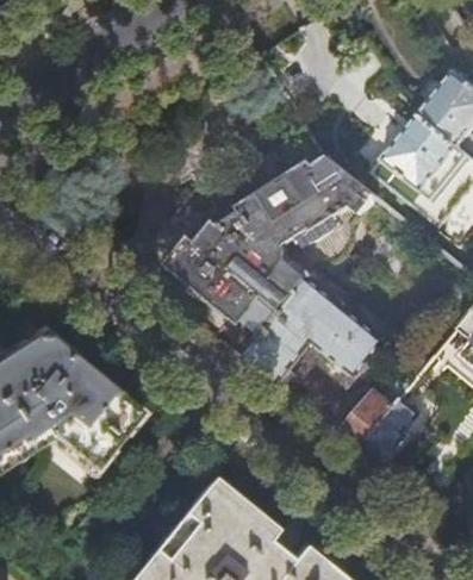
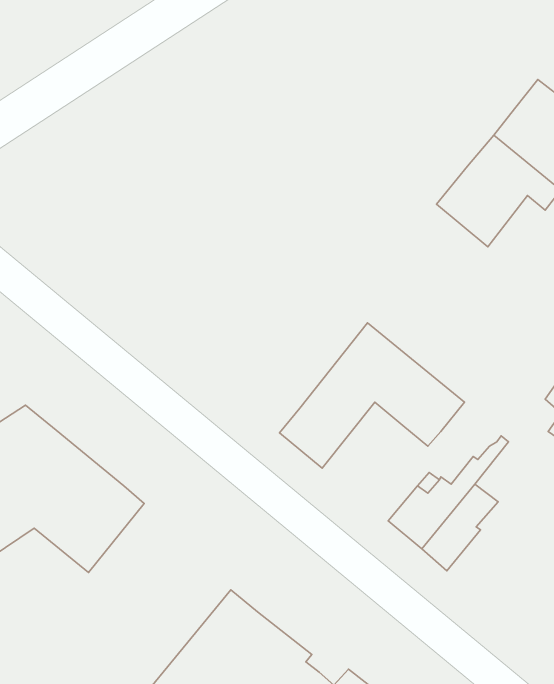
building: [169,157,376,336] -> none

